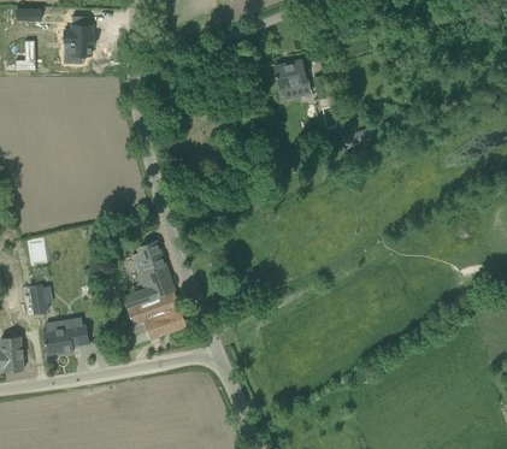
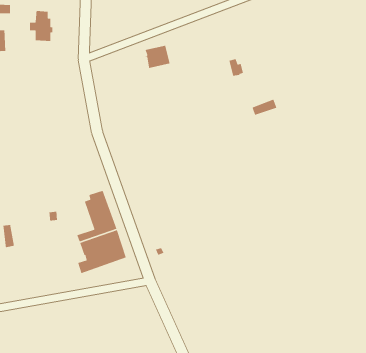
building: [273,61,306,91] -> [145,45,170,69]
building: [42,318,88,354] -> none

